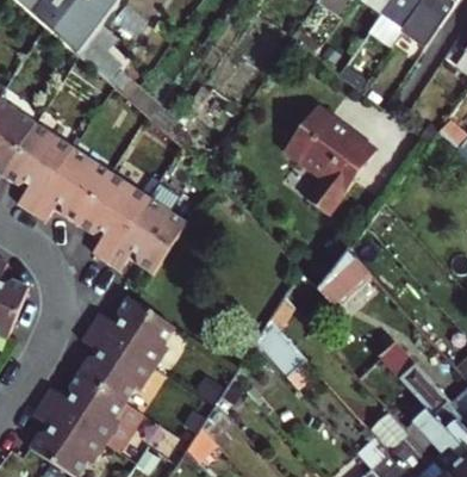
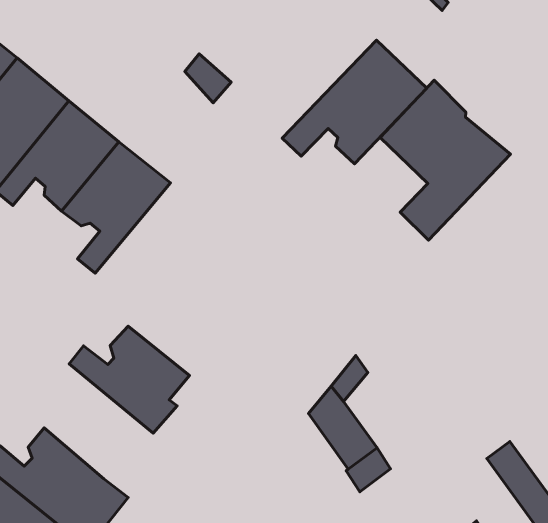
building: none -> [282,40,427,164]
building: [102,178,186,271] -> none
building: [318,250,371,308] -> none
building: [80,324,154,399] -> none

